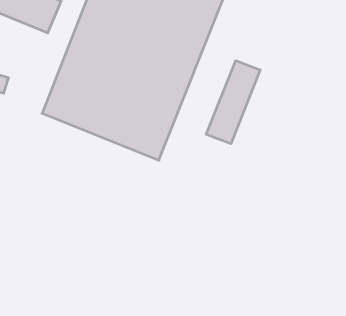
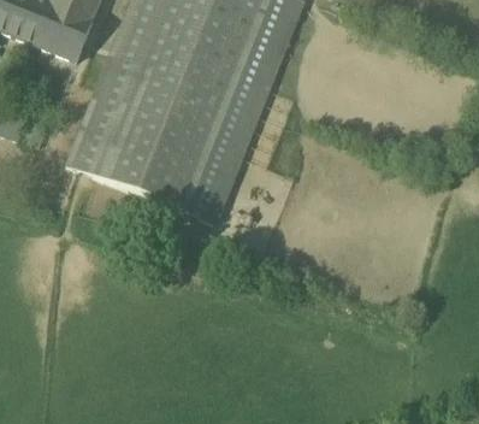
building: [206,61,260,144] -> none

